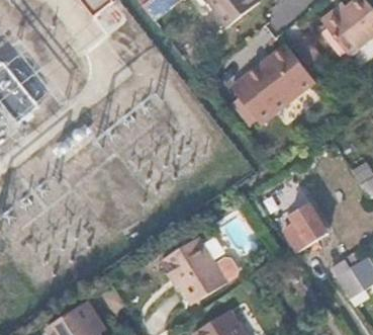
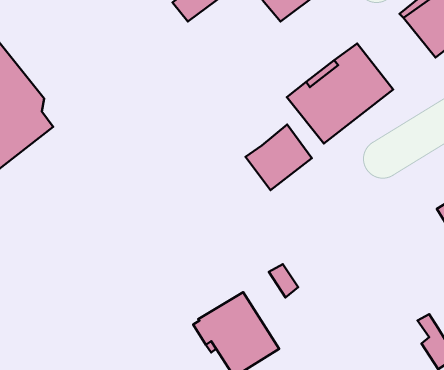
building: none -> [246,125,312,190]
building: [284,204,328,252] -> none

